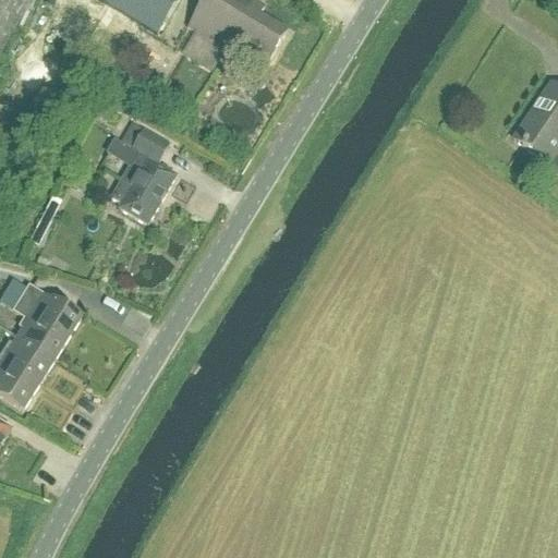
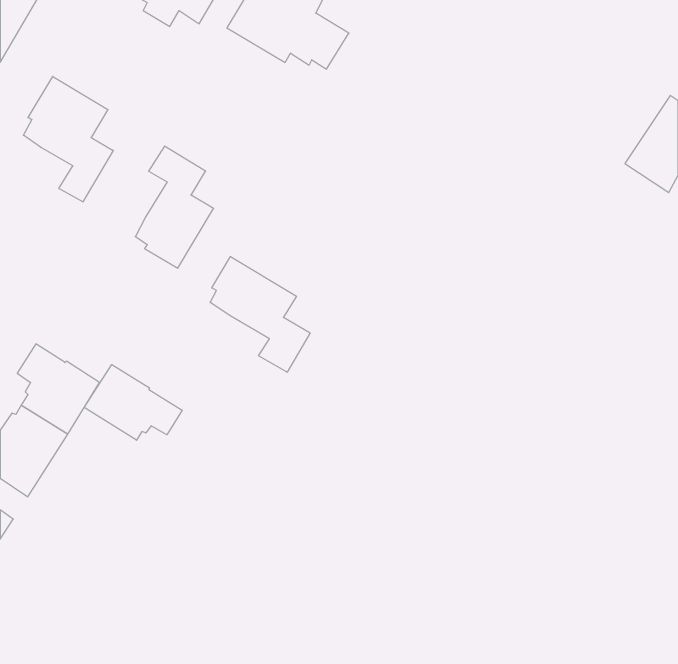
building: none -> [23,76,113,202]
building: none -> [210,257,310,372]
building: none -> [84,365,182,440]

